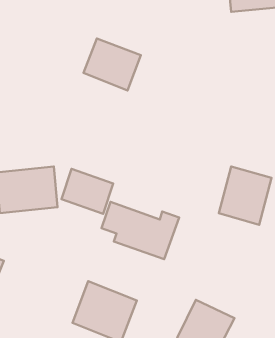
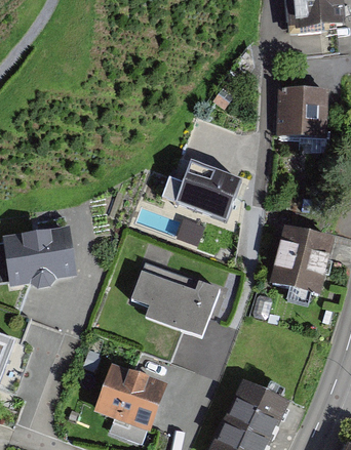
building: [84,38,141,90] -> [181,159,247,219]
building: none -> [278,88,325,141]
building: [61,169,113,214] -> none

